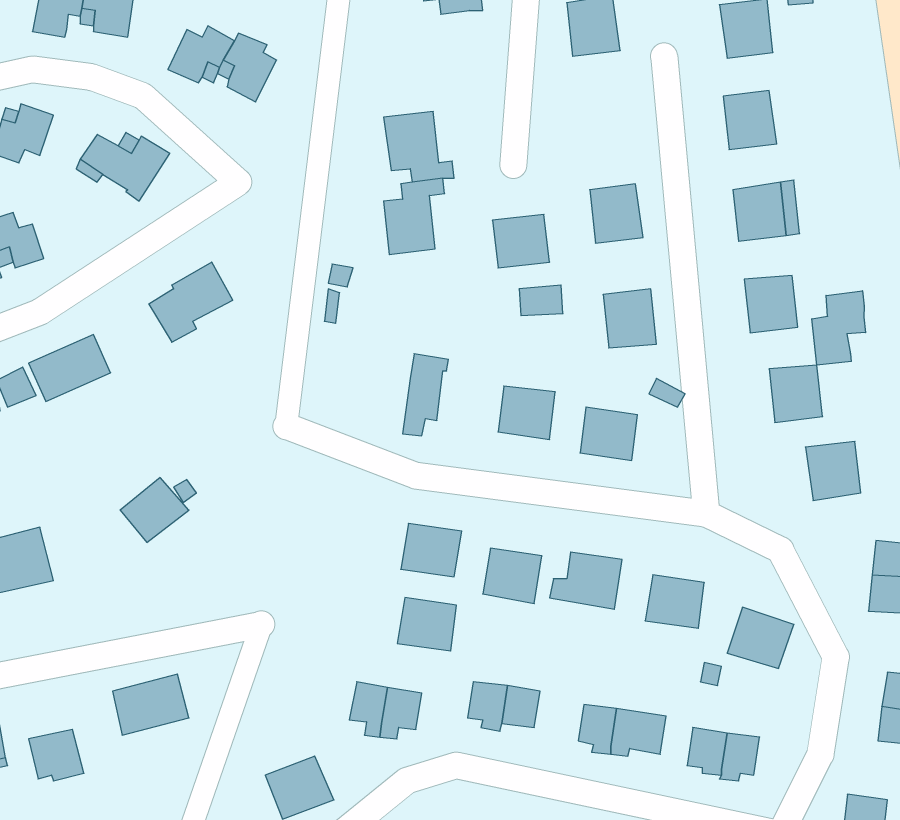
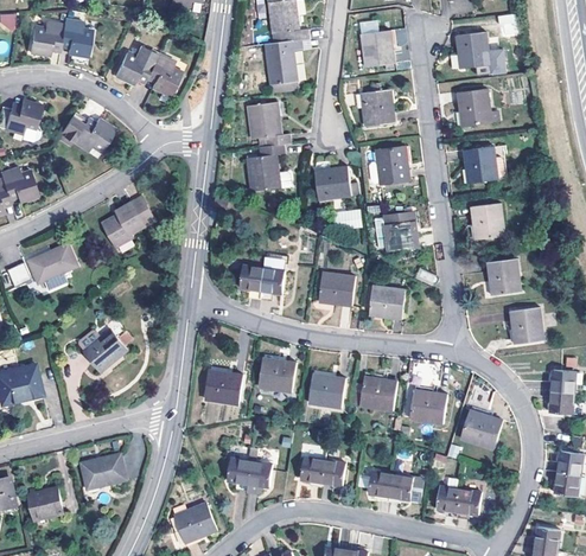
building: none -> [266,39,301,85]
building: none -> [359,90,394,127]
building: [812,291,866,365] -> none
building: none -> [238,264,263,302]
building: [397,598,456,651] -> [204,370,241,403]

